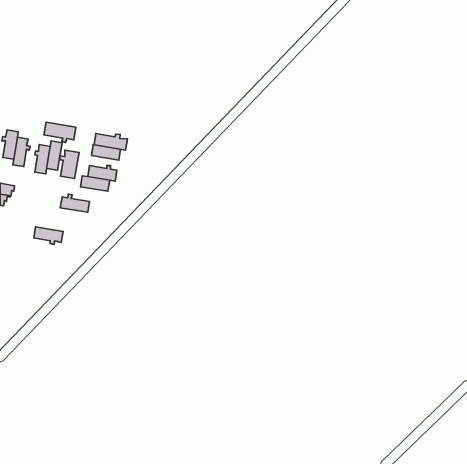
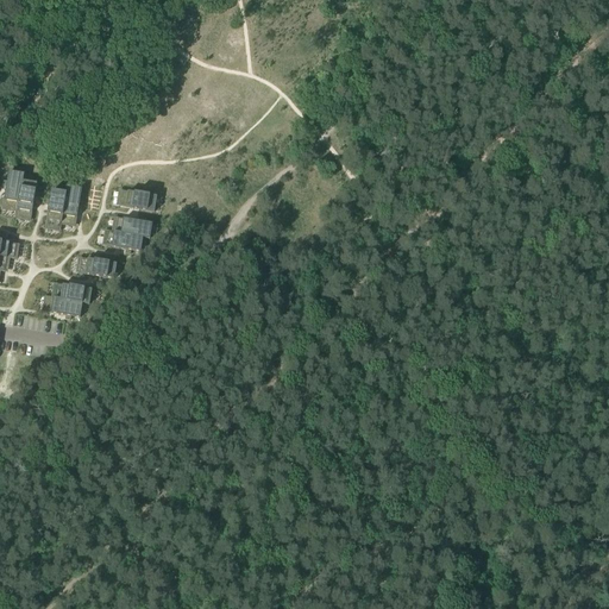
building: [44,122,76,142] -> none
building: [94,134,127,150] -> none
building: [60,150,79,179] -> none
building: none -> [54,281,92,302]

